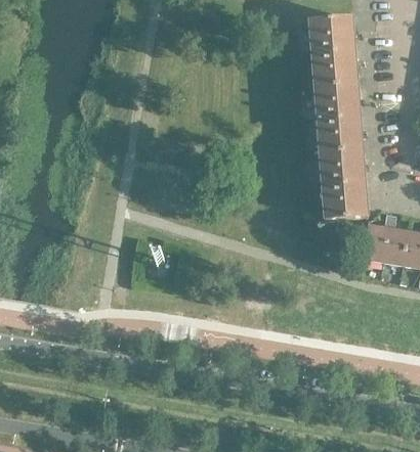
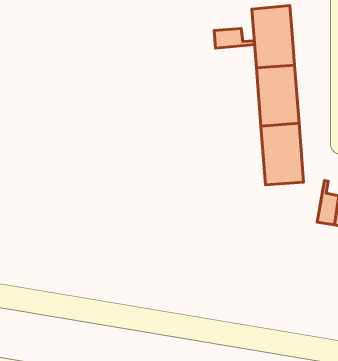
building: none -> [214,28,255,48]
building: [362,213,390,260] -> none

